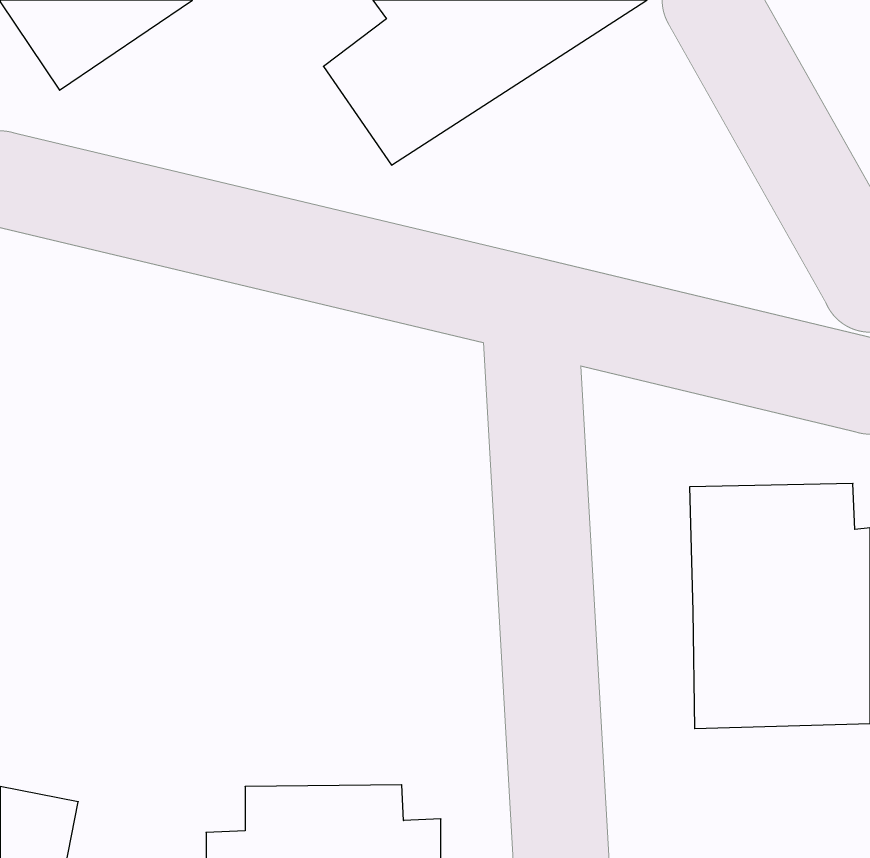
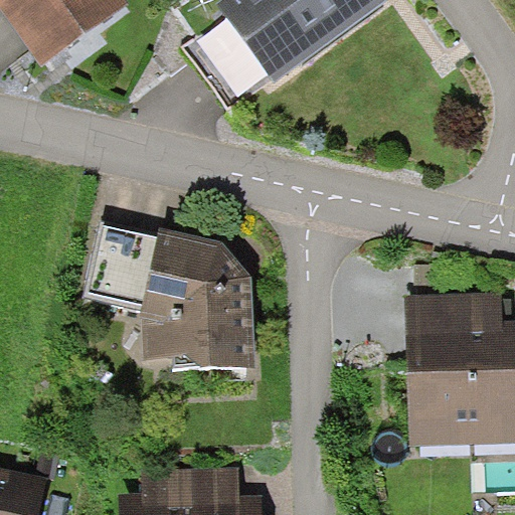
building: none -> [85,225,251,363]

